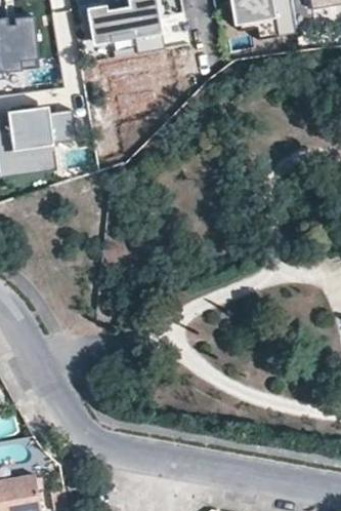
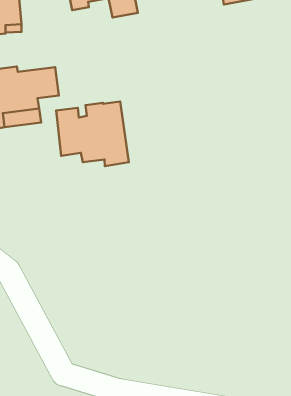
building: none -> [56,101,129,166]

